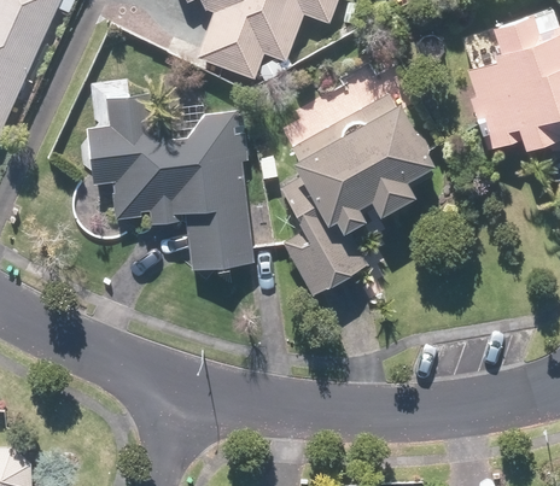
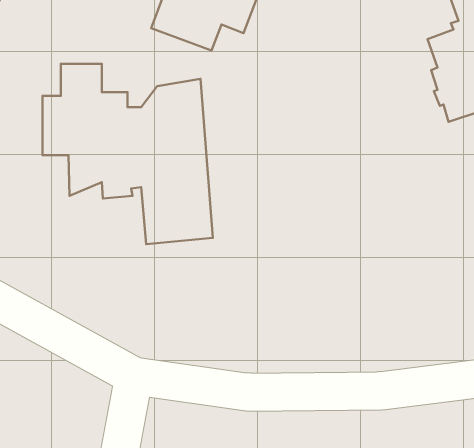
building: [276,94,431,294] -> none

